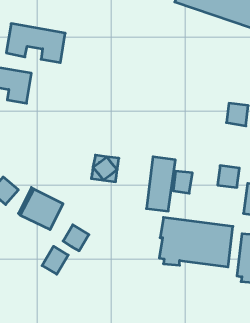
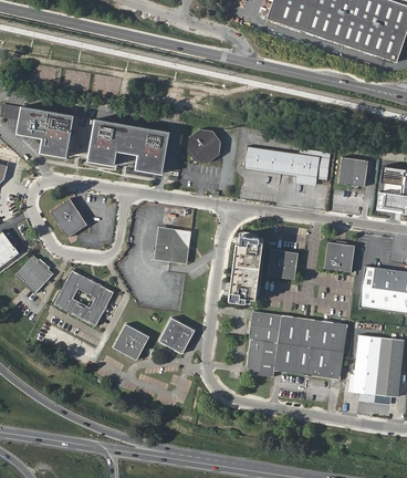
building: [6,24,65,63] -> [86,119,167,173]
building: none -> [186,128,219,162]
building: none -> [251,147,330,184]
building: none -> [52,199,88,239]
building: none -> [158,318,194,354]
building: [42,246,68,274] -> none

